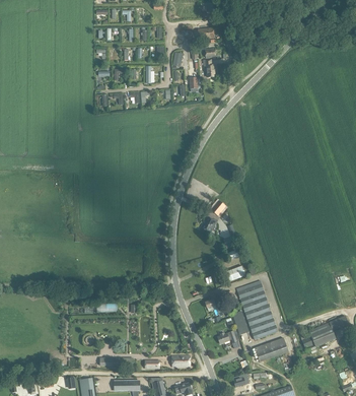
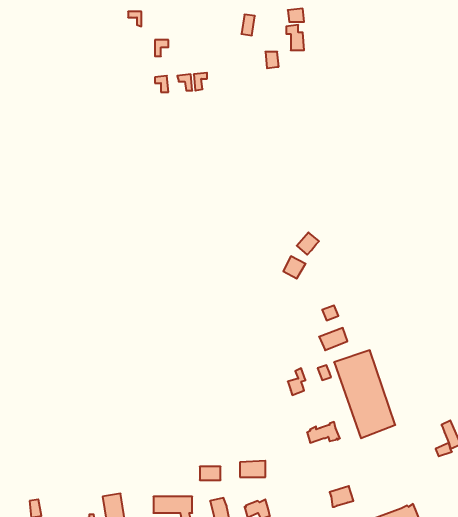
building: [254,336,288,361] -> none

